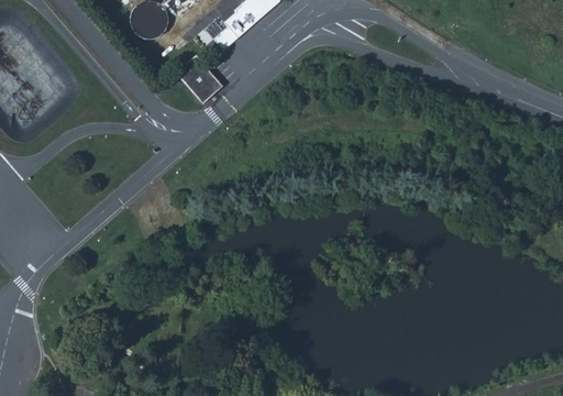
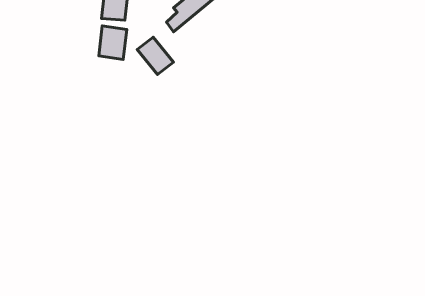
building: none -> [99,26,127,60]

